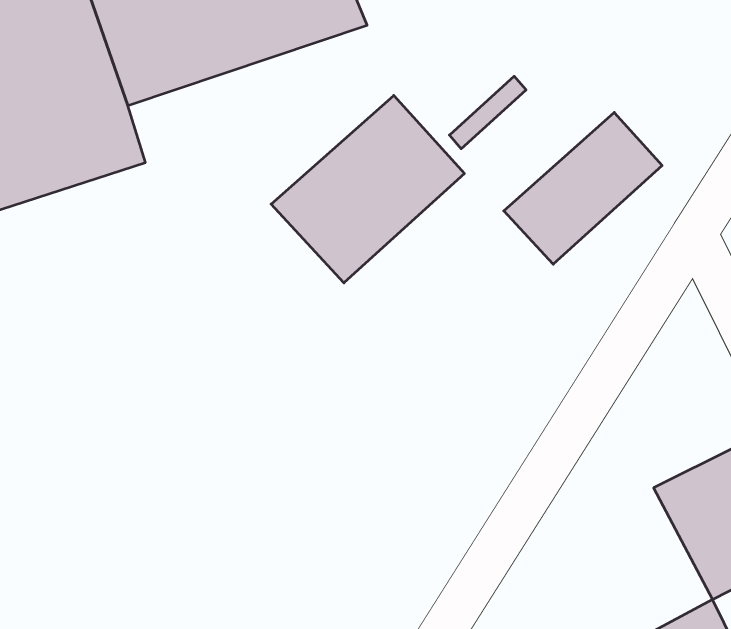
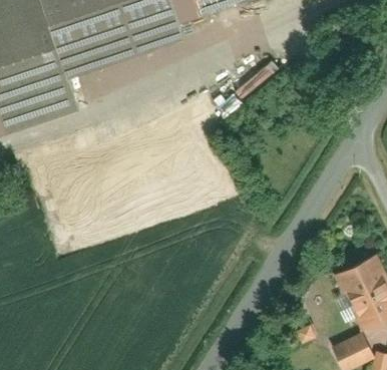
building: [271,95,464,283] -> none
building: [504,112,662,264] -> none

